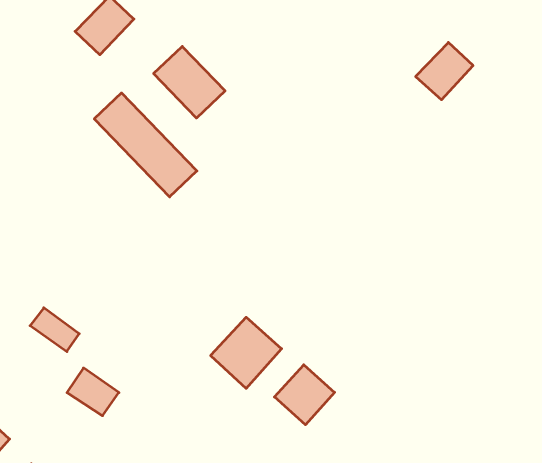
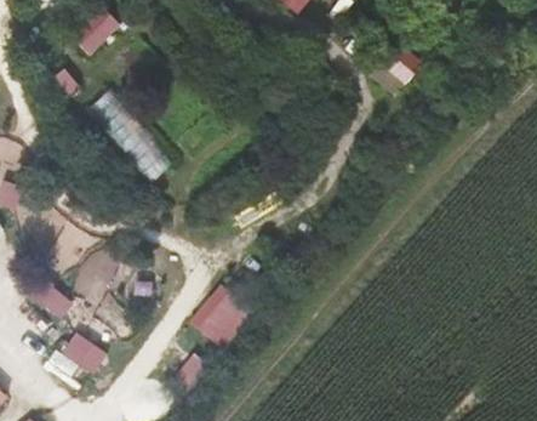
building: [154,46,225,118] -> none
building: [274,365,335,425] -> none

